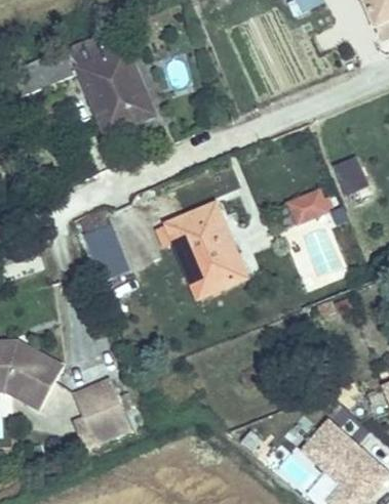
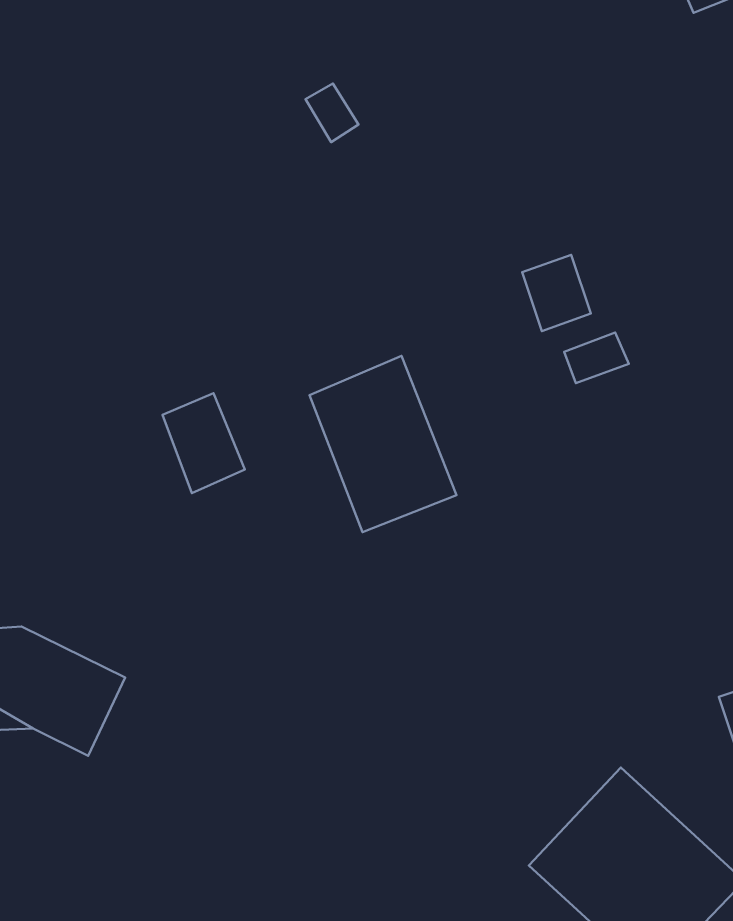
building: [13,39,160,129] -> none
building: [334,157,369,197] -> [522,255,591,331]
building: [89,388,138,448] -> none

